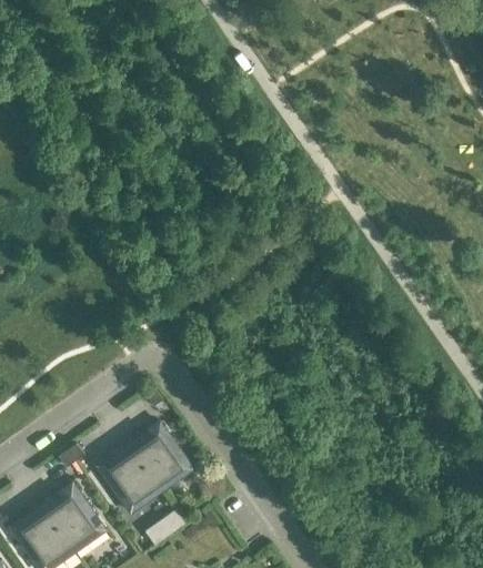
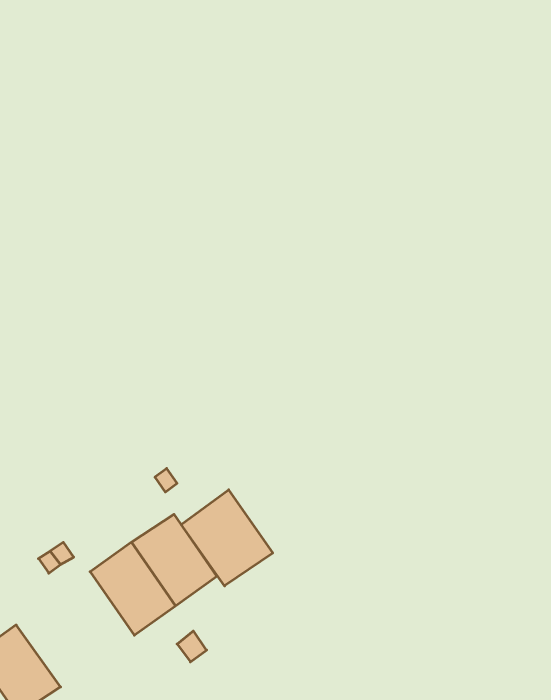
building: none -> [181,490,273,586]
building: [42,485,107,554] -> none

